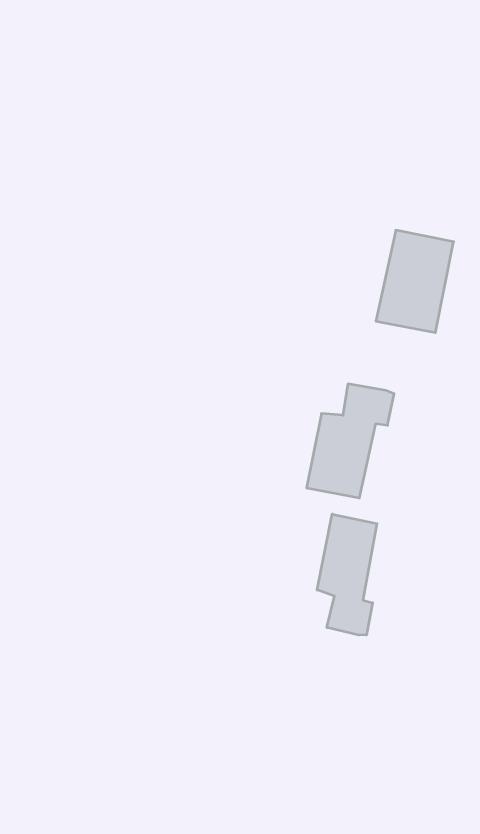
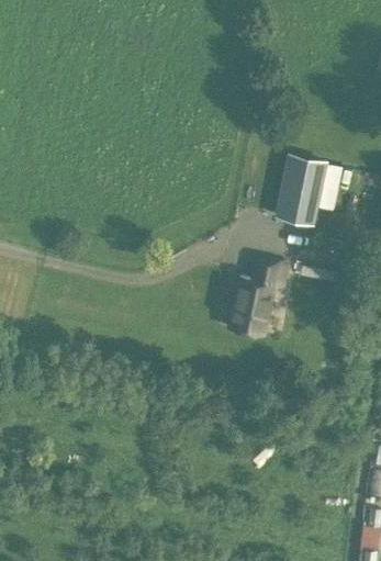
building: [317,514,377,635] -> none

